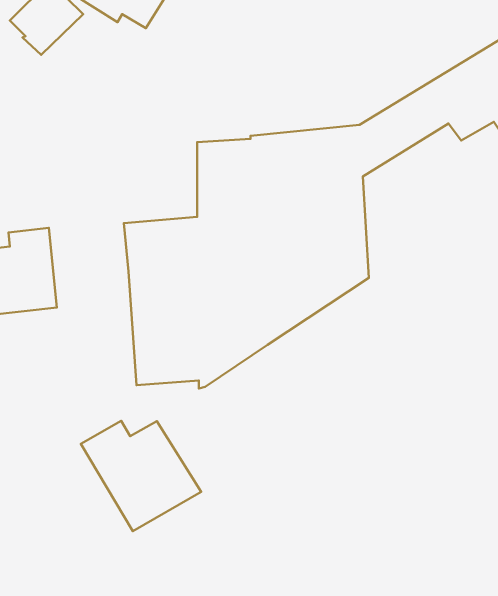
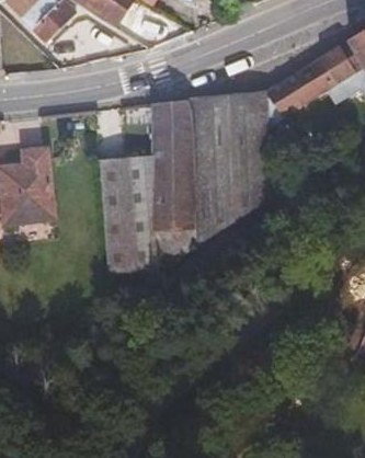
building: [81,421,201,531] -> none

